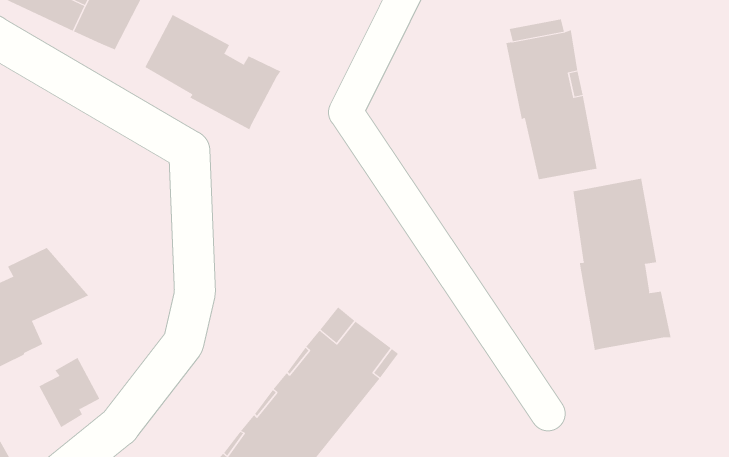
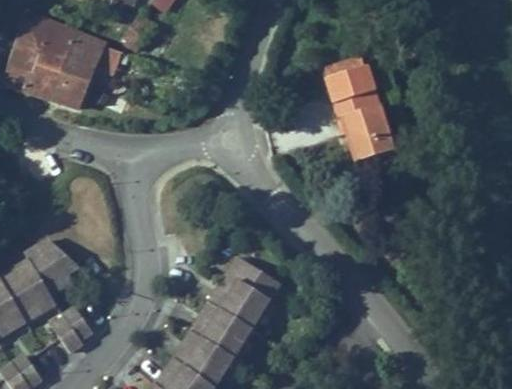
building: [145,14,281,130] -> none
building: [573,178,671,351] -> none

